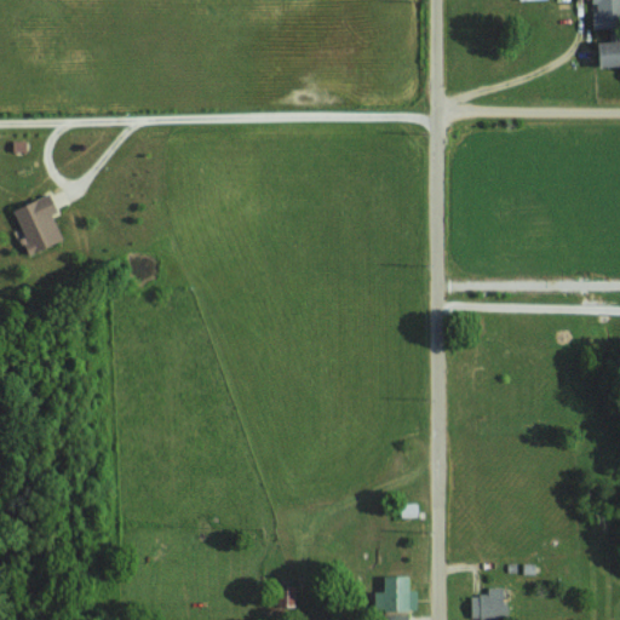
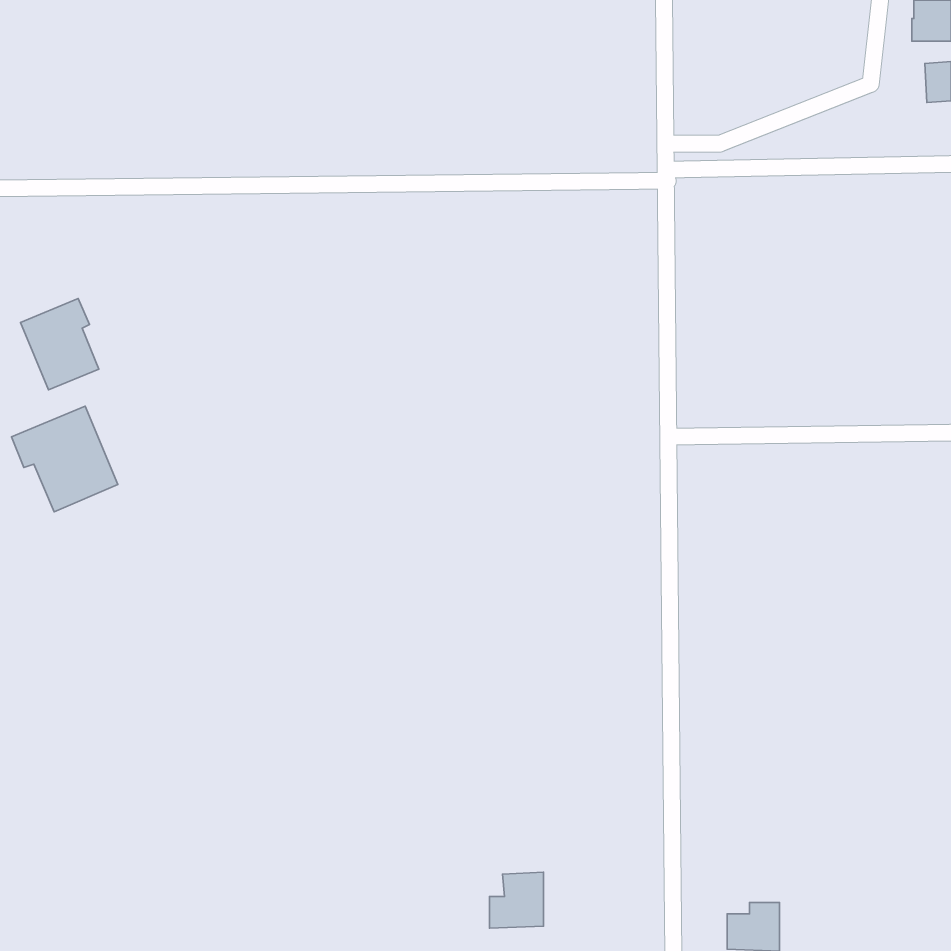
building: none -> [11,406,118,512]
building: [374,575,409,612] -> [490,872,544,928]

